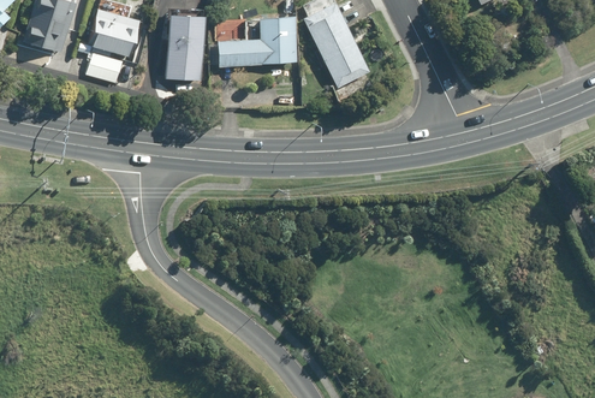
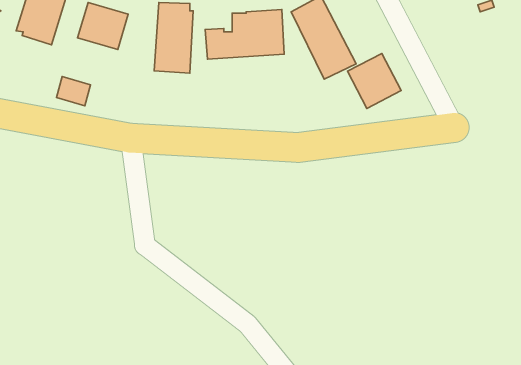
building: [85,53,120,83] -> [56,76,91,106]
building: none -> [348,53,401,109]

